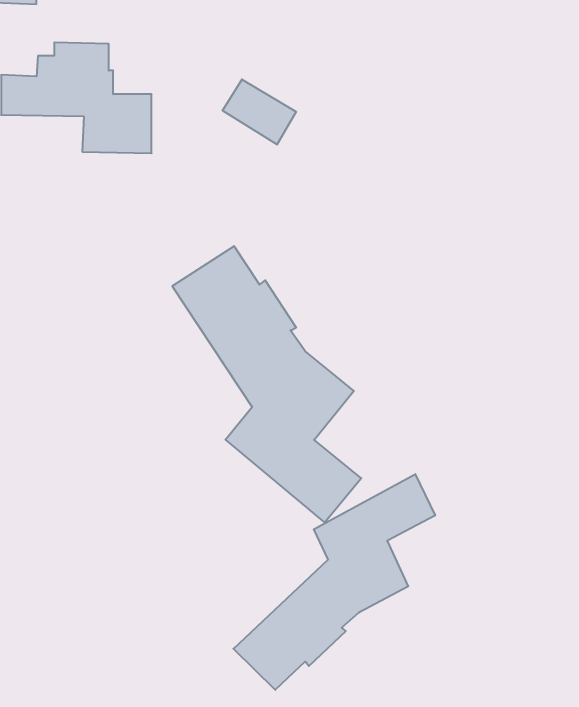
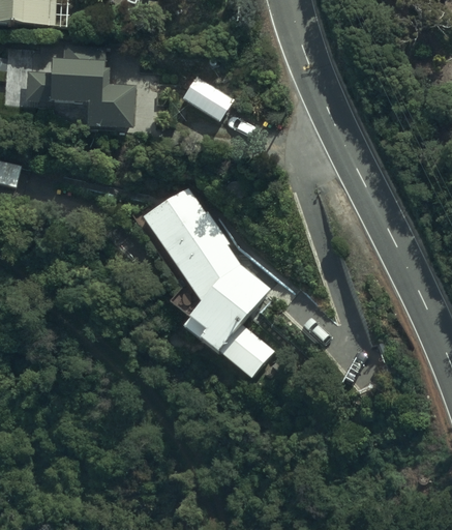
building: [233,474,435,690] -> none

